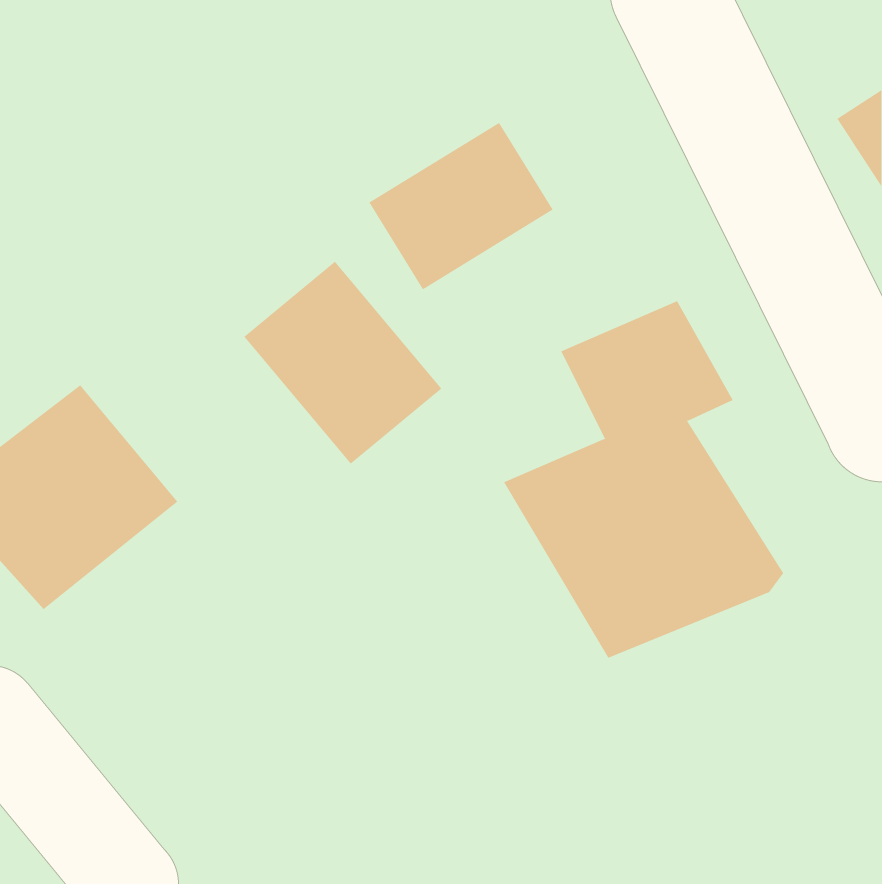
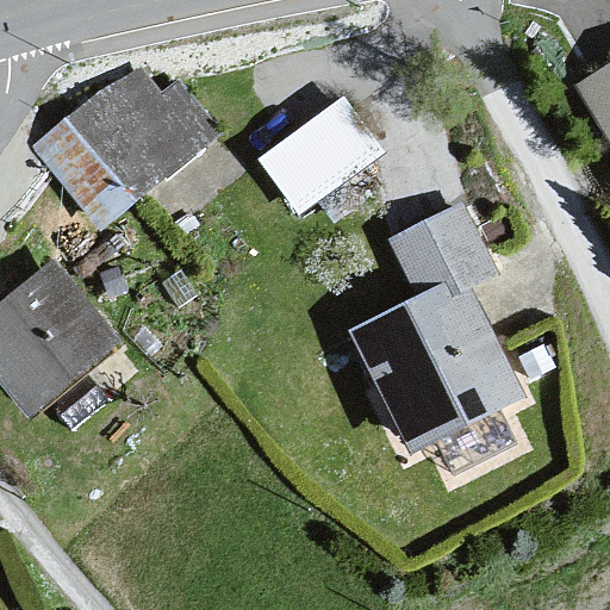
building: none -> [27,62,211,241]
building: [244,261,442,465] -> none

